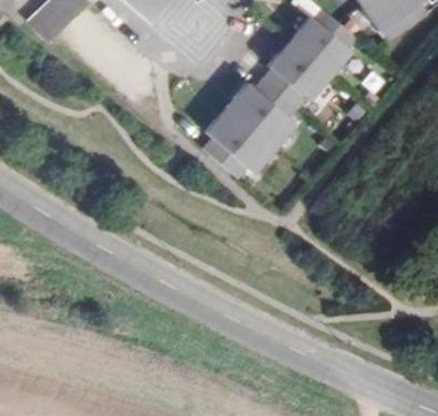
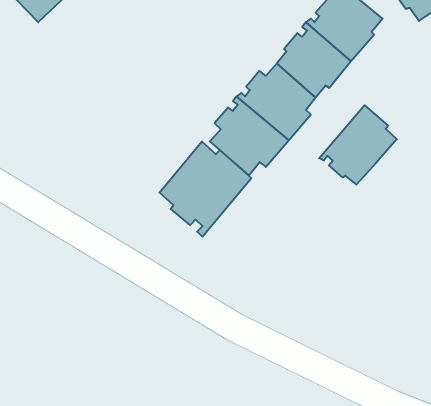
building: none -> [319,105,397,185]
building: none -> [159,141,251,237]

